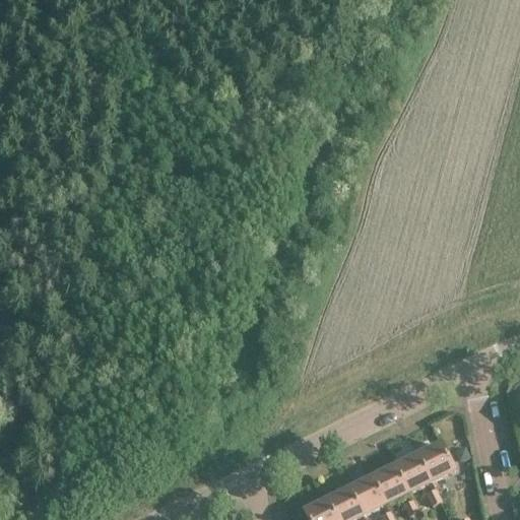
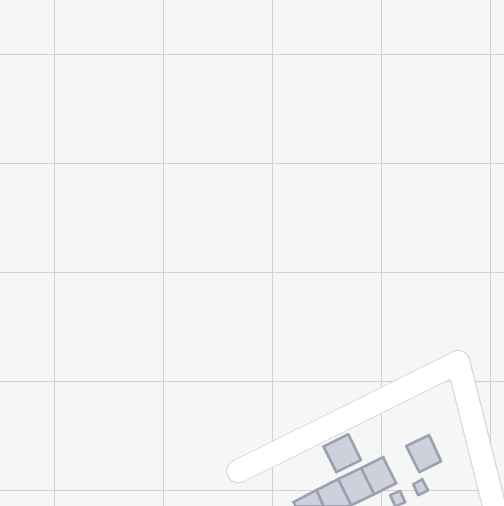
building: none -> [324,434,361,472]
building: [390,454,427,492] -> none

